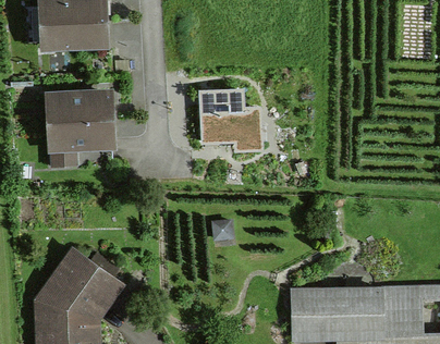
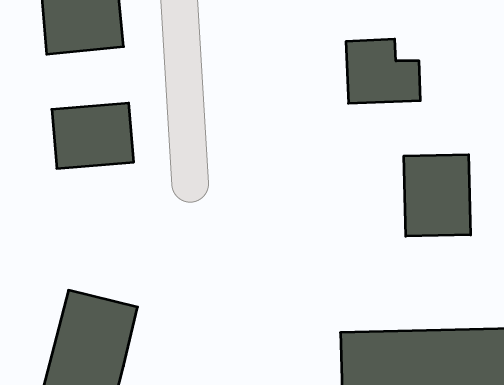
building: [201,87,265,142] -> [346,39,420,103]
building: none -> [404,155,471,236]

